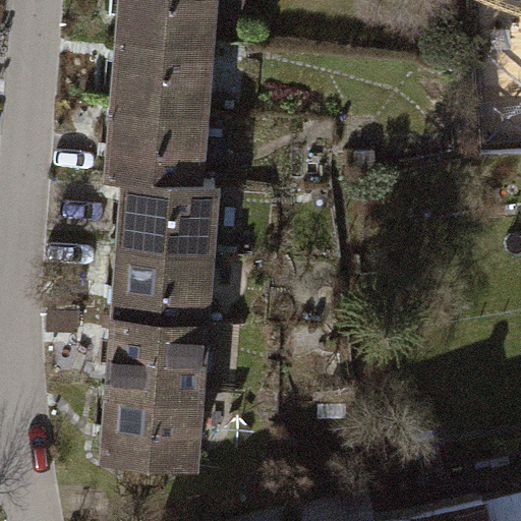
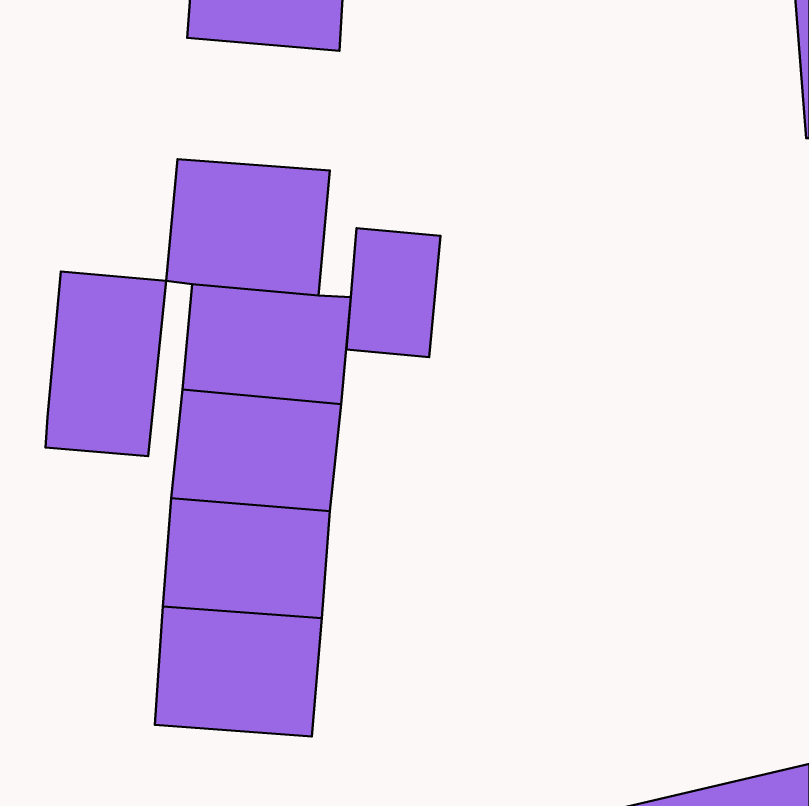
building: [112,35,214,118] -> none
building: none -> [346,228,441,357]
building: none -> [46,271,166,456]

